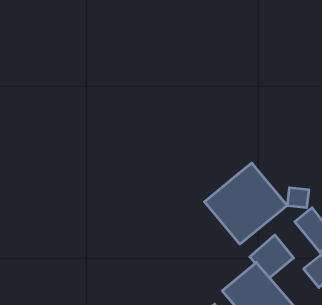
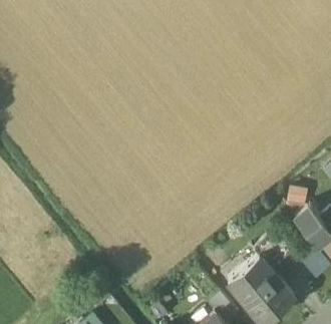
building: [204,163,287,244] -> none

